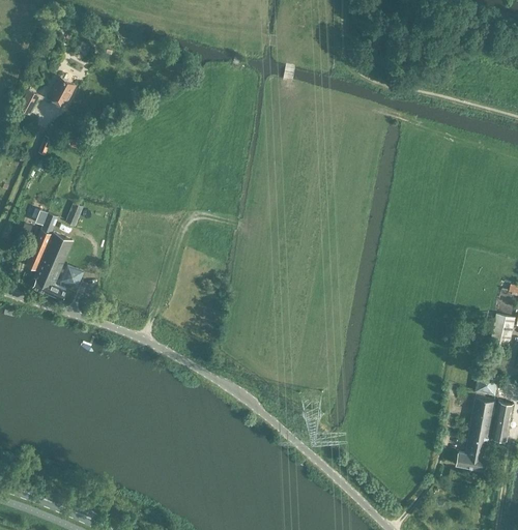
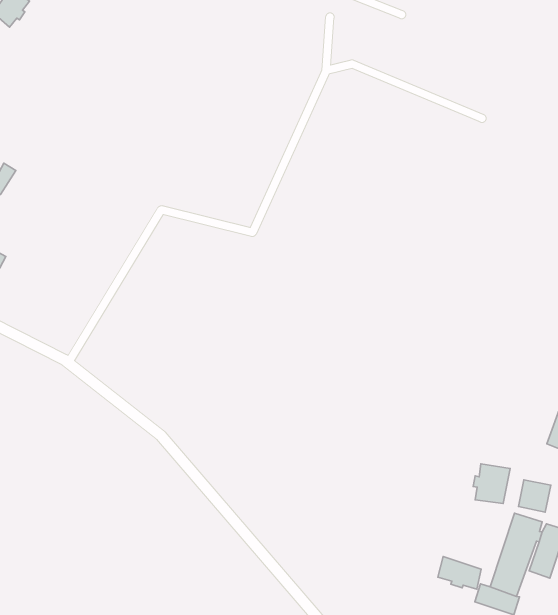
building: none -> [473,464,510,503]
building: none -> [438,556,481,589]

